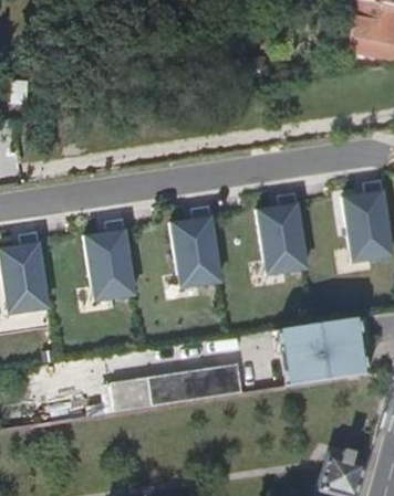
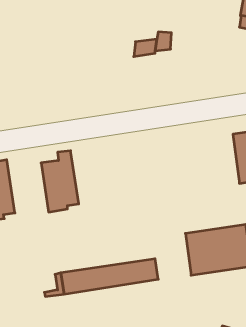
building: [257,192,307,276] -> none
building: [170,205,221,288] -> none

